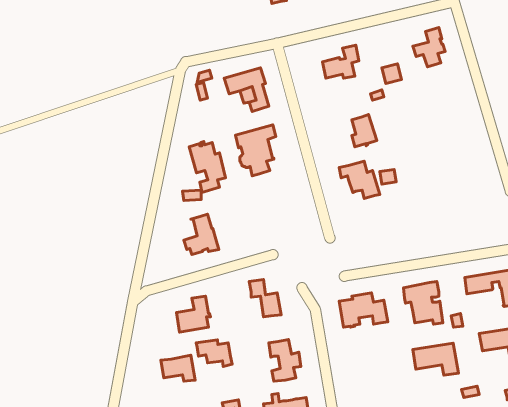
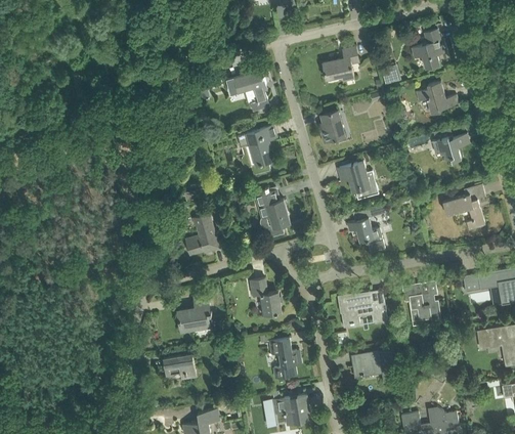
building: none -> [416,82,459,115]
building: [352,115,377,147] -> [320,111,345,142]
building: none -> [431,128,470,162]
building: [189,142,226,192] -> [254,188,290,238]
building: none -> [442,184,485,231]
building: none -> [347,217,385,253]
building: [196,340,232,366] -> none
building: [413,343,458,375] -> [352,351,397,383]

